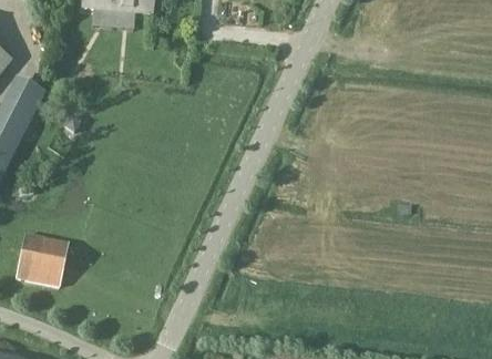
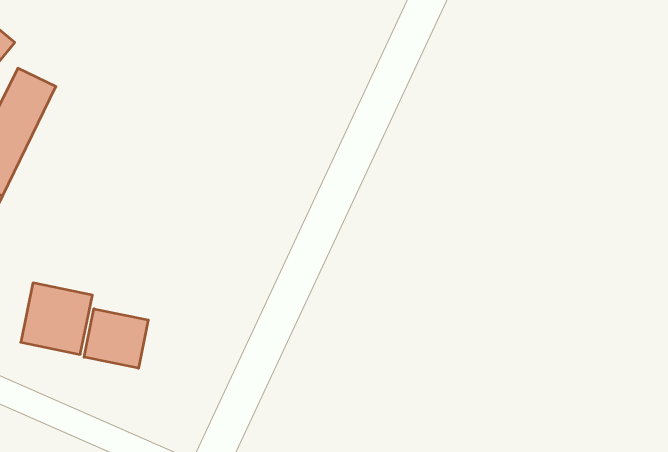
building: none -> [84,309,148,368]

